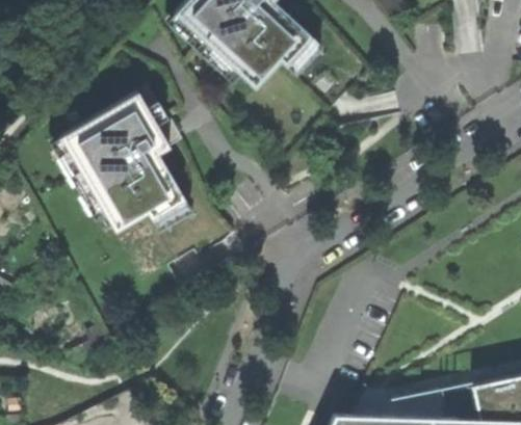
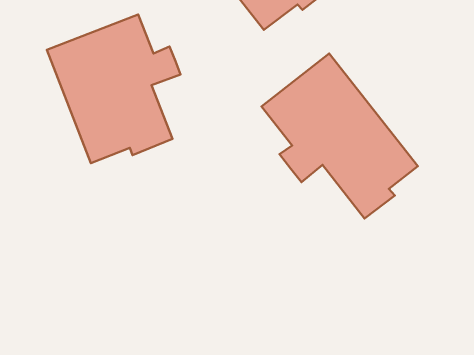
building: none -> [262,53,418,219]

